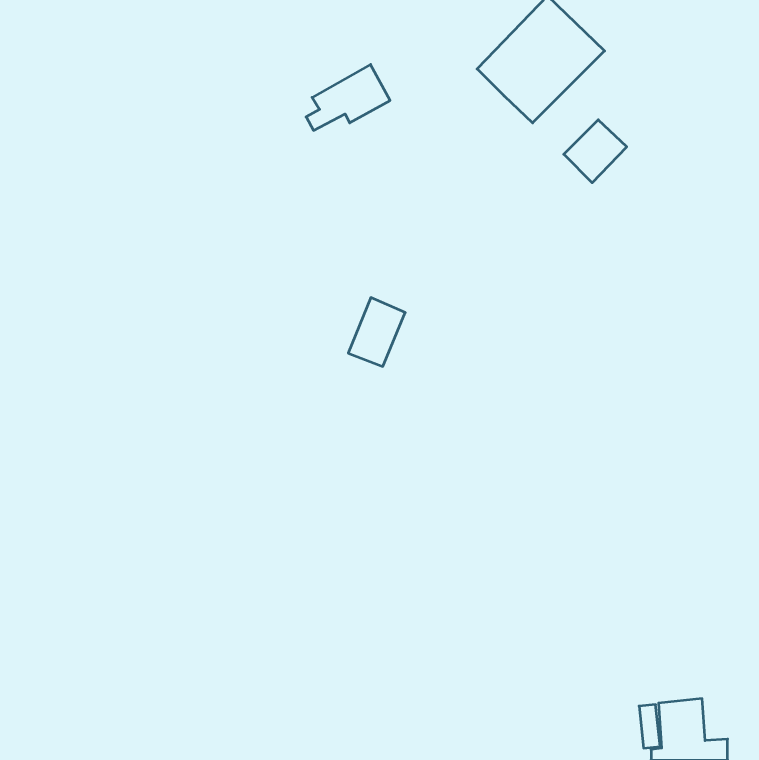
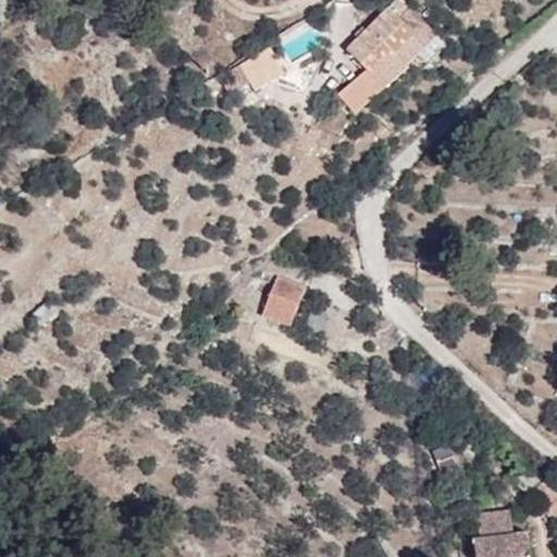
building: [564,120,627,183] -> [341,70,386,115]
building: [348,298,405,366] -> [261,276,302,326]

